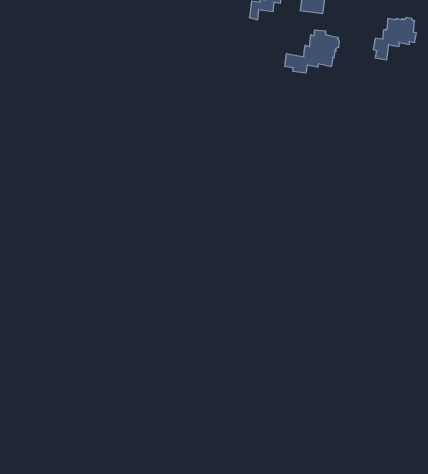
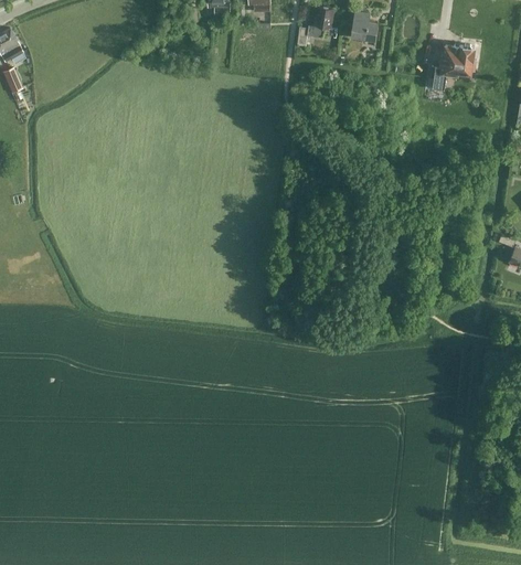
building: [285,30,339,73] -> none

